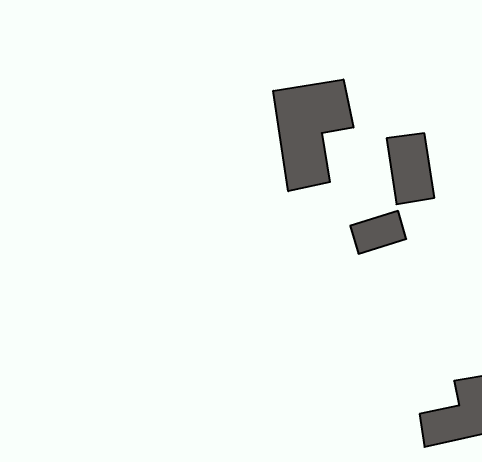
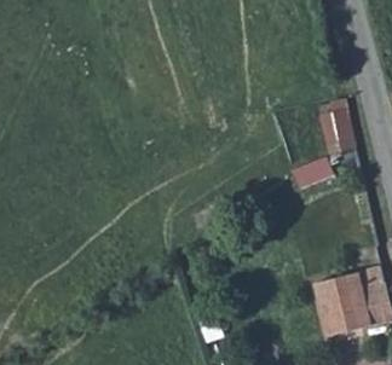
building: [273,79,353,191] -> none
building: none -> [321,267,365,335]

